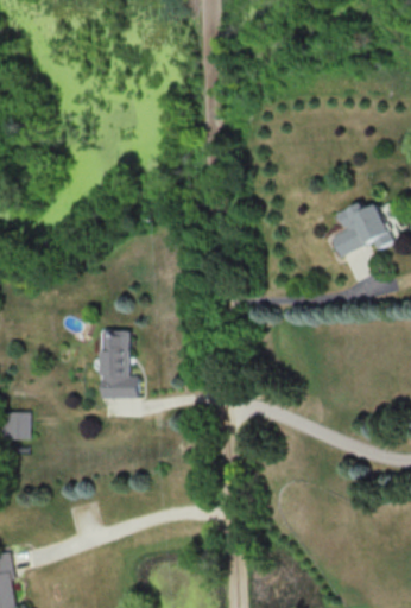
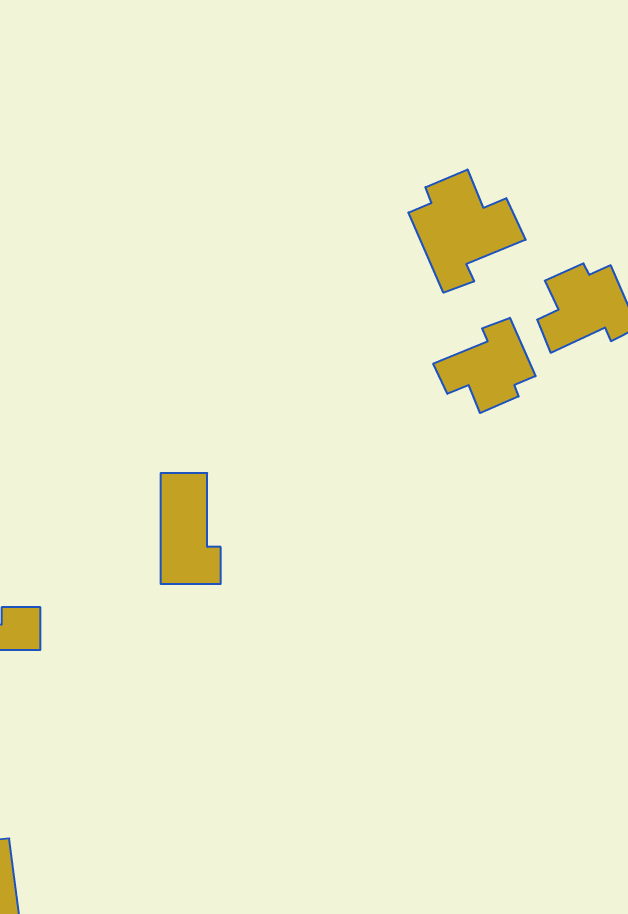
building: none -> [408,169,526,293]
building: none -> [433,318,536,413]

